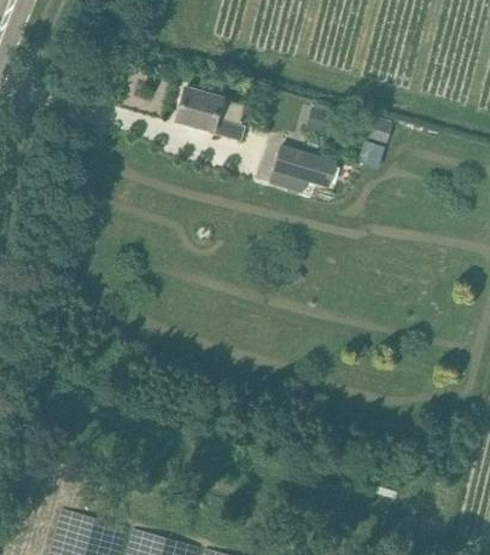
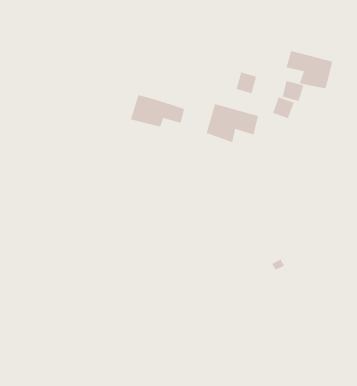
building: none -> [286,50,333,89]
building: [177,88,246,129] -> [130,95,185,127]

